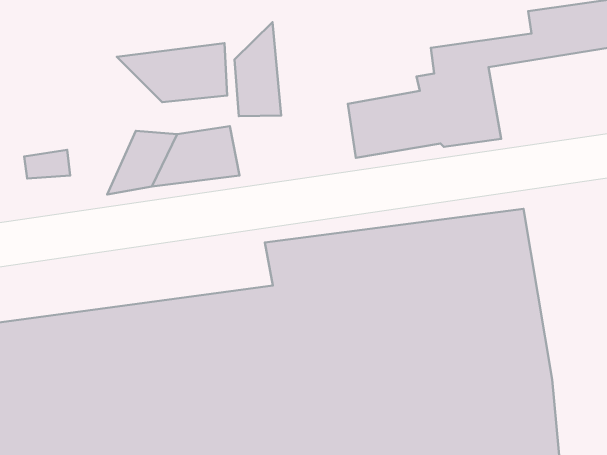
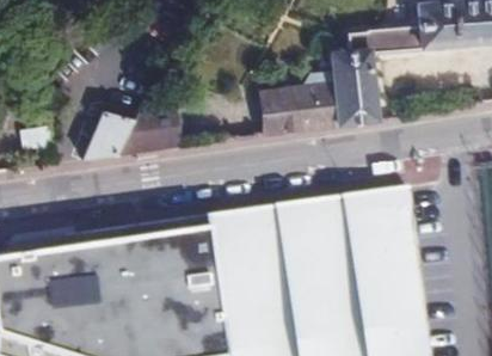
building: [235,22,281,116] -> none
building: [117,43,227,102] -> none

